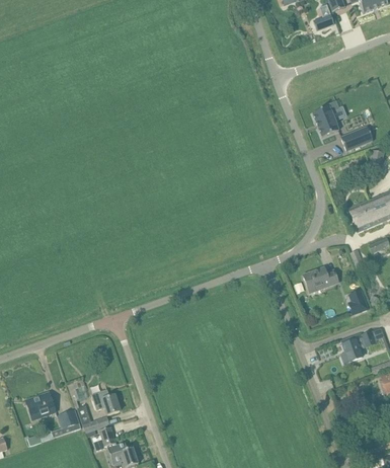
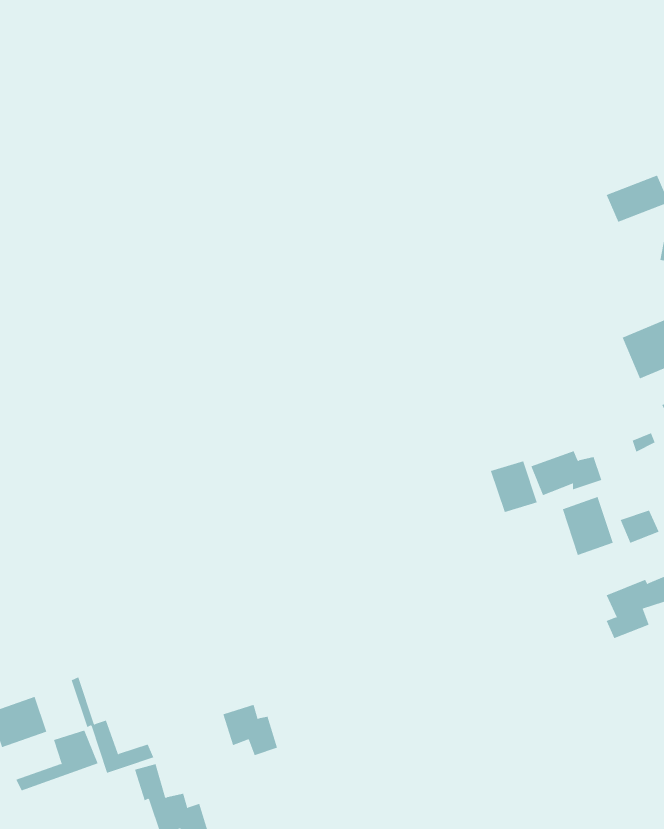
building: [312,100,339,137] -> none
building: none -> [490,460,538,513]
building: none -> [562,496,614,556]
building: [91,388,120,414] -> [222,704,278,756]

